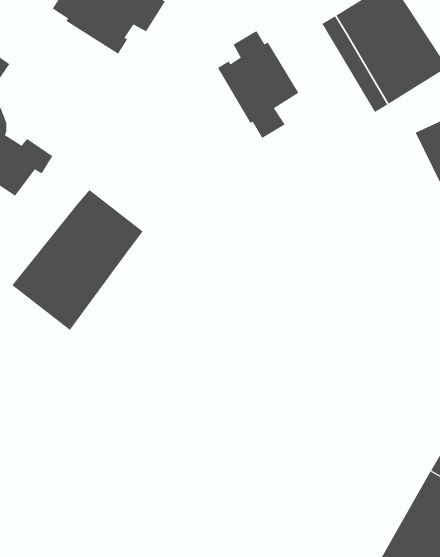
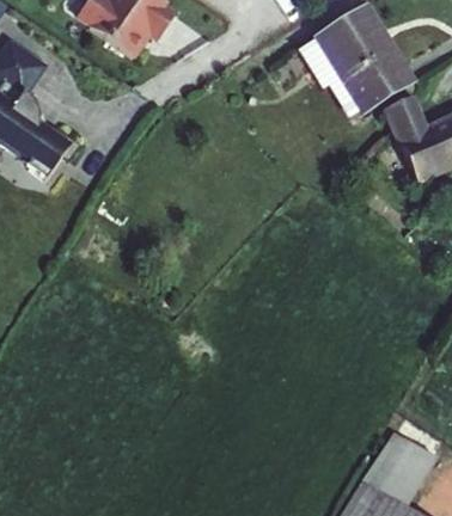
building: [217,30,299,139] -> none
building: [12,189,144,331] -> none

